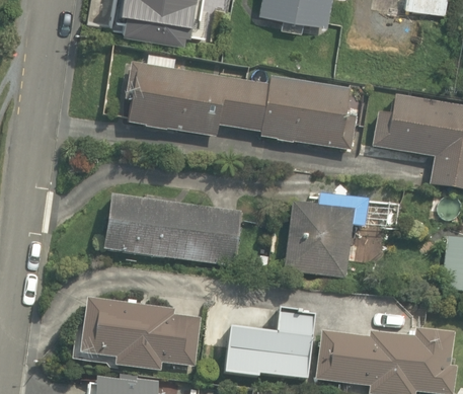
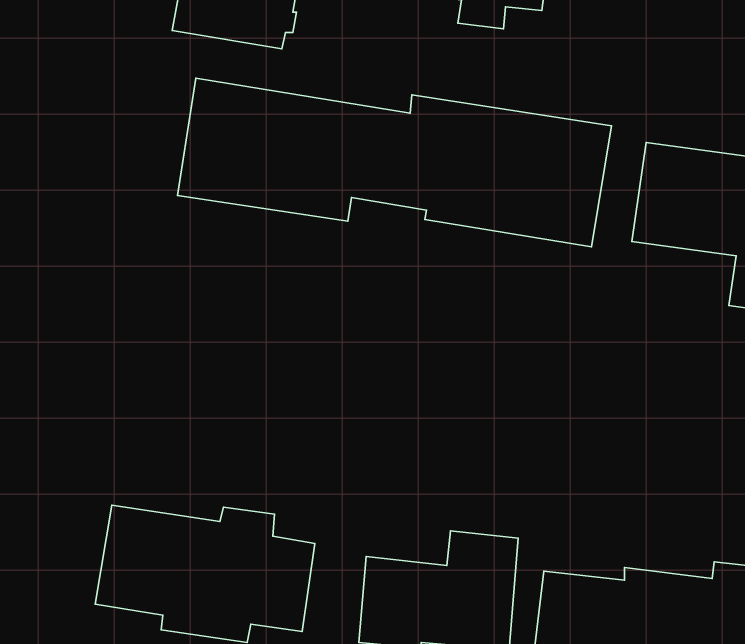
building: [105,194,238,267] -> none
building: [284,201,354,279] -> none

